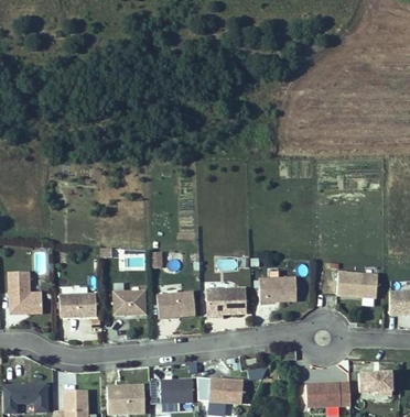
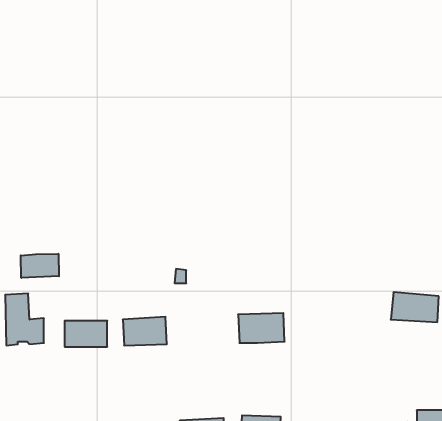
building: none -> [21,254,59,278]
building: [259,275,296,300] -> none
building: [155,290,194,318] -> none

